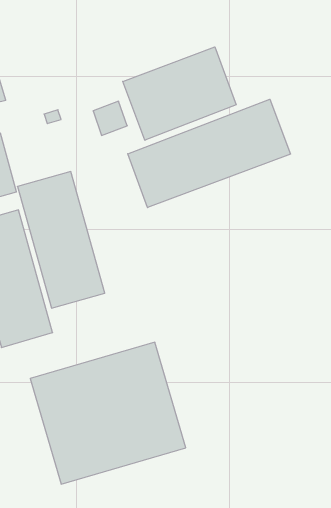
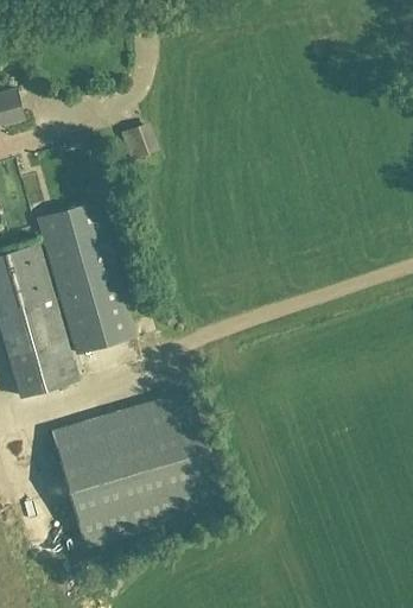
building: [123,47,236,140] -> none
building: [128,99,291,208] -> none

